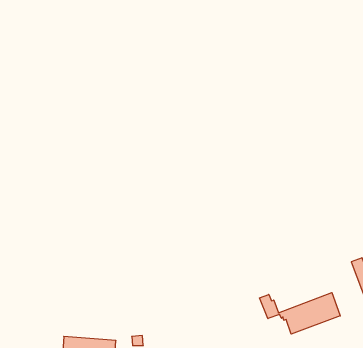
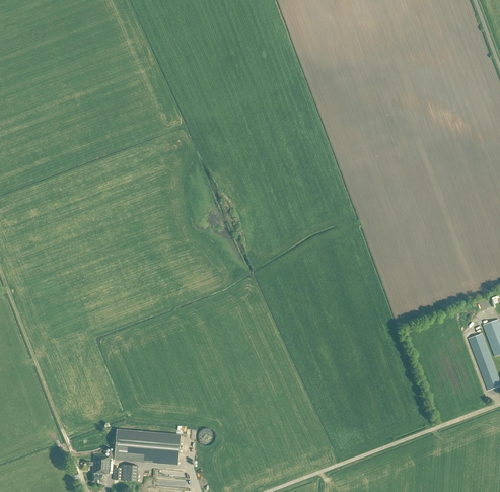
building: [259,293,340,334] -> none

